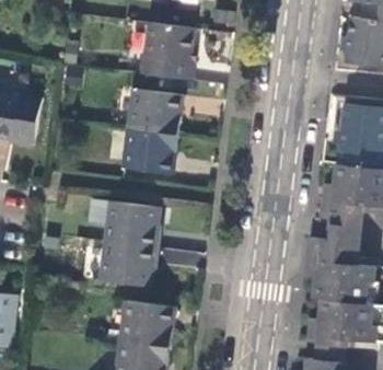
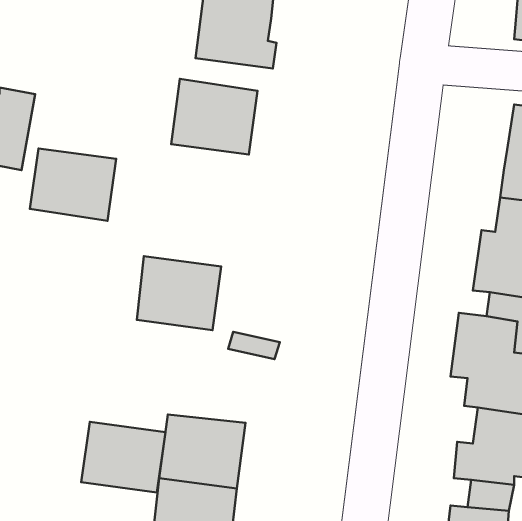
building: [121,129,176,175] -> [30,149,116,221]
building: [100,241,153,286] -> [81,422,165,492]

